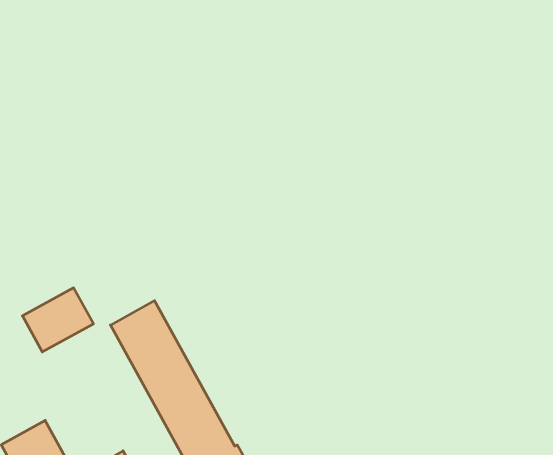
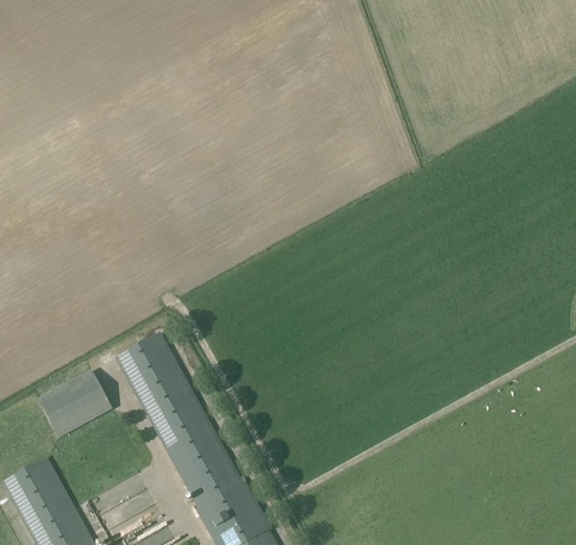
building: [22,288,93,352] -> [38,369,112,436]

